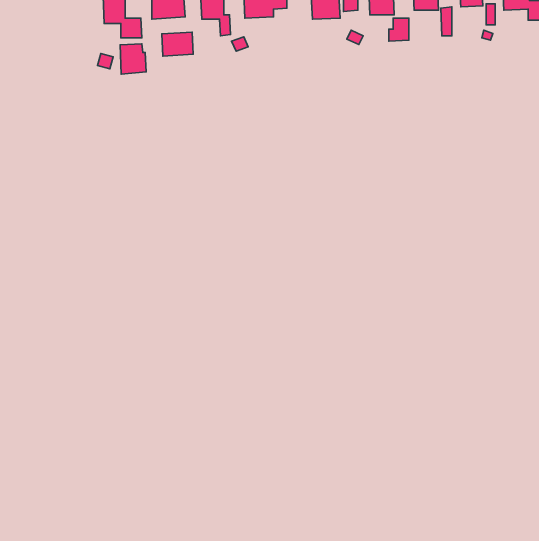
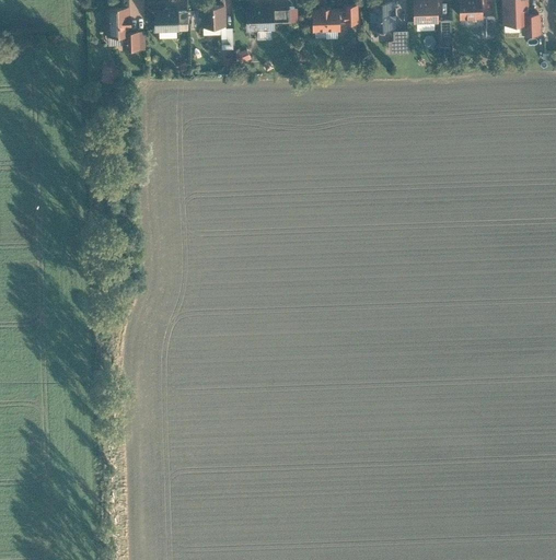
building: [162,32,193,56] -> none
building: [120,44,146,74] -> none

